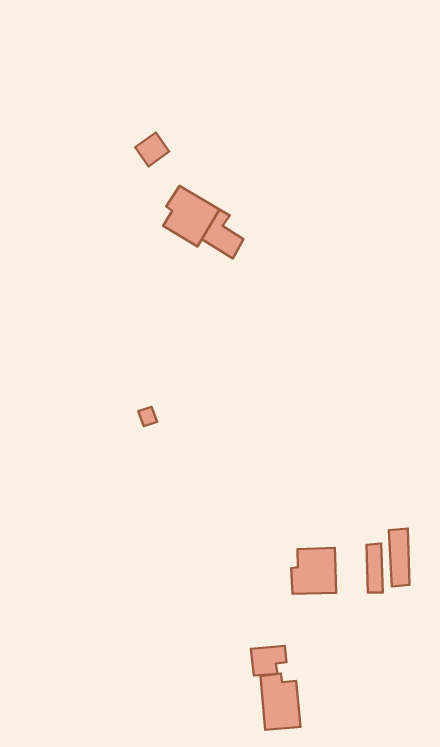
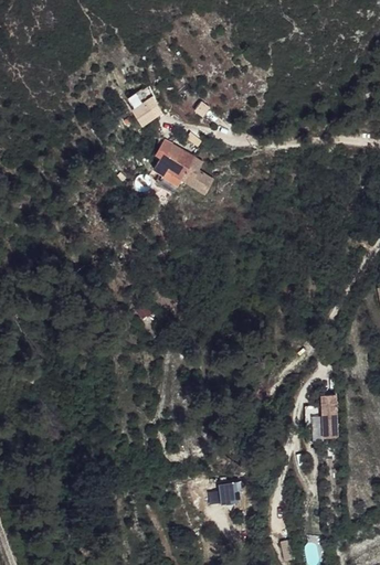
building: [291,548,336,594] -> none
building: [261,674,300,730] -> none

